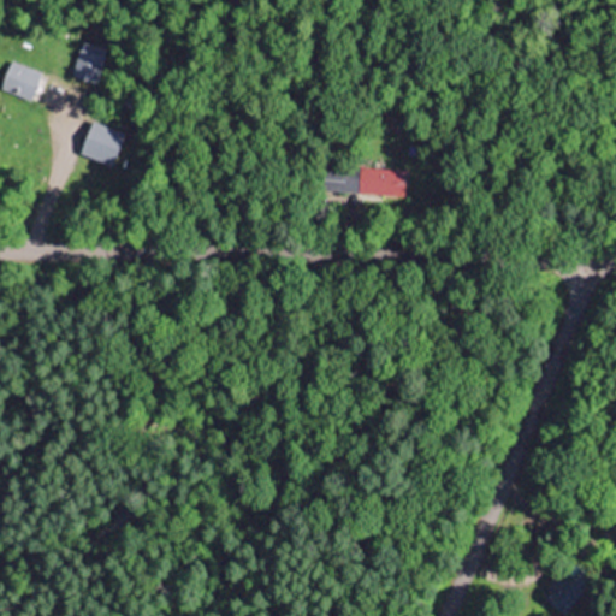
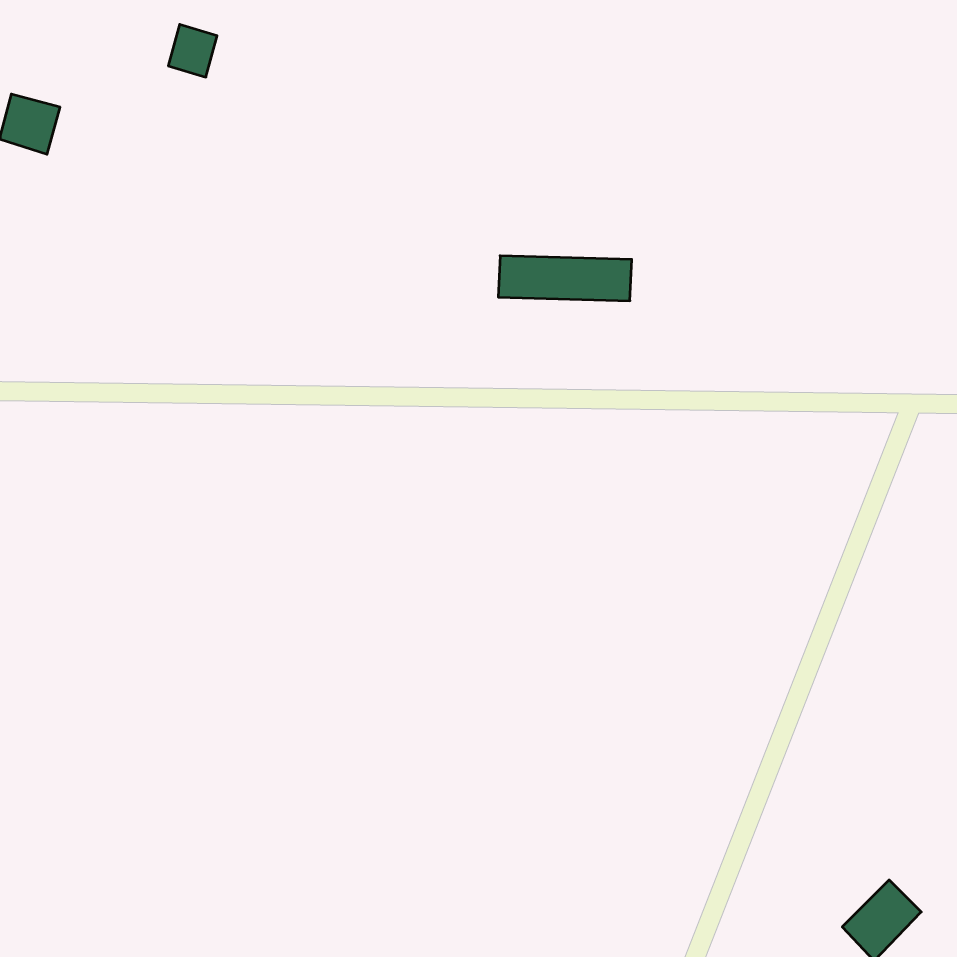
building: [73,51,105,84] -> [168,24,217,77]
building: [79,120,126,167] -> none

